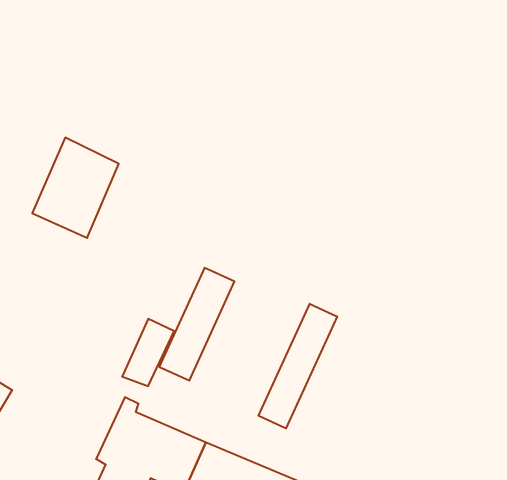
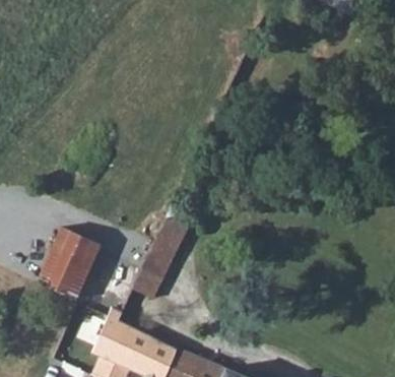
building: [32,138,119,238] -> [35,227,98,301]
building: [259,304,337,428] -> none

